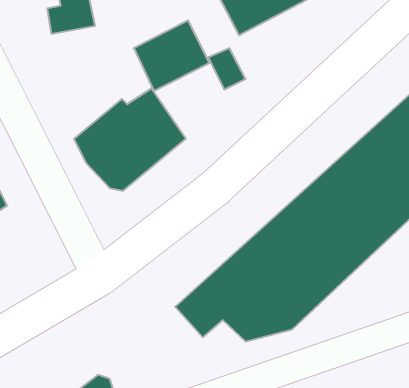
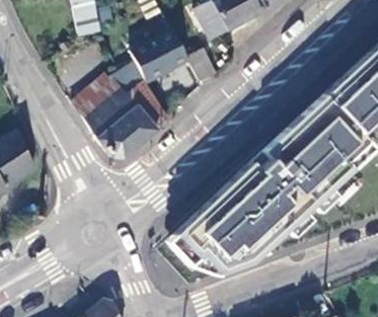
building: none -> [73,58,143,118]

